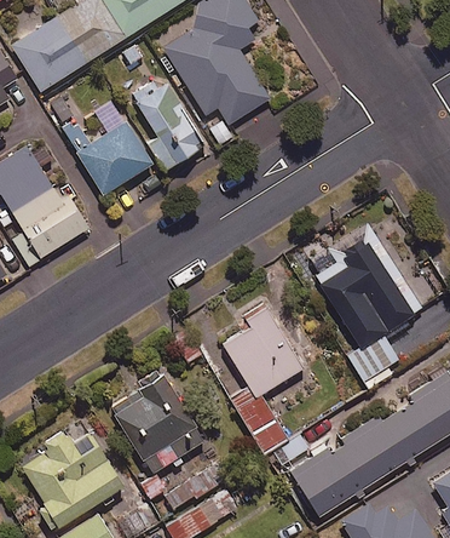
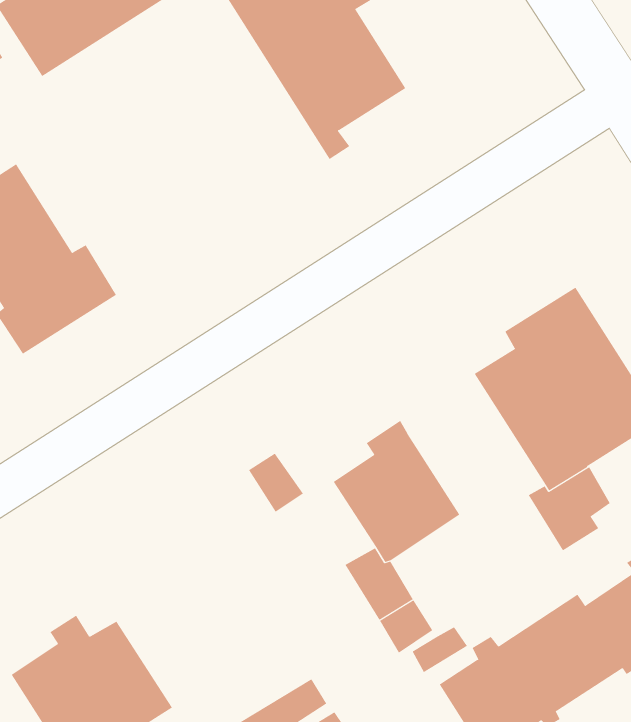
building: [131,81,204,170] -> none
building: [62,119,152,195] -> none
building: [110,376,204,474] -> none

